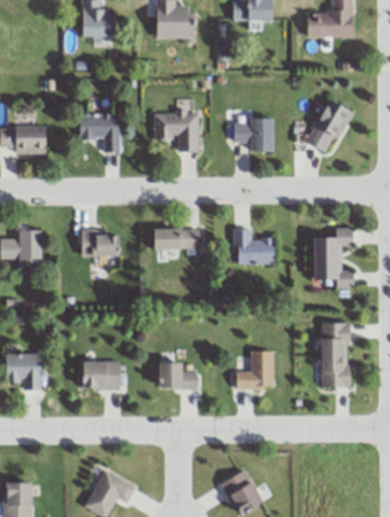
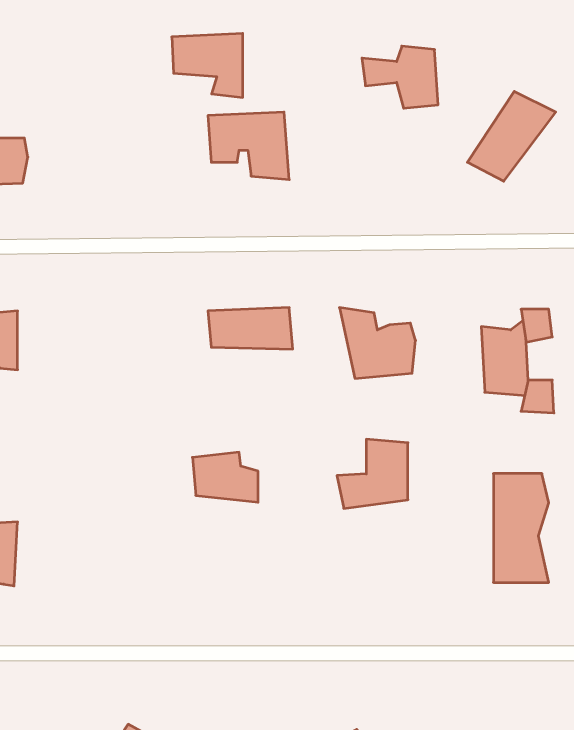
building: [79,114,121,151] -> [172,33,243,97]
building: [230,116,275,152] -> [362,46,438,108]
building: [78,227,126,256] -> none
building: [232,350,274,390] -> [337,439,408,508]
building: [83,361,122,388] -> none
building: [158,361,197,390] -> [192,452,258,502]

